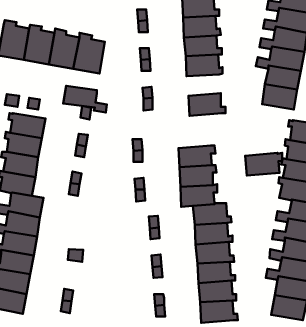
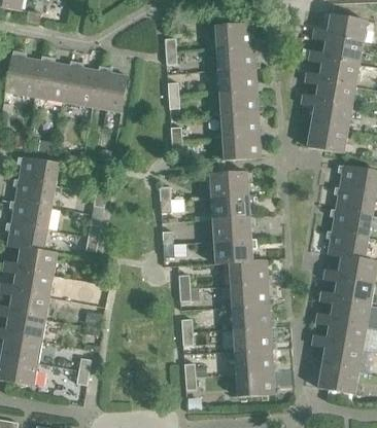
building: none -> [220,112,264,137]
building: [63,86,107,113] -> none
building: [245,153,282,175] -> [209,171,251,197]

